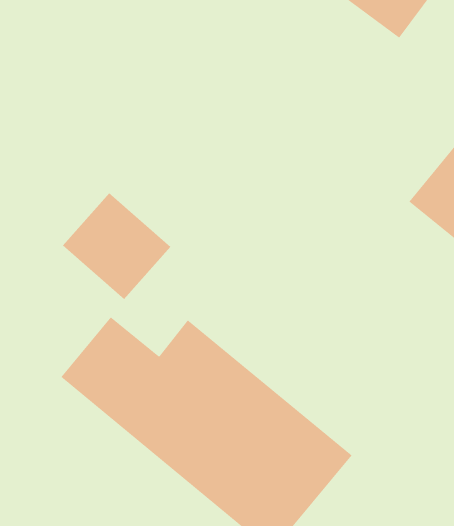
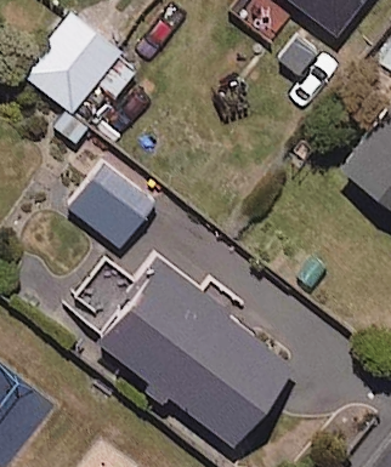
building: none -> [21,13,136,112]

